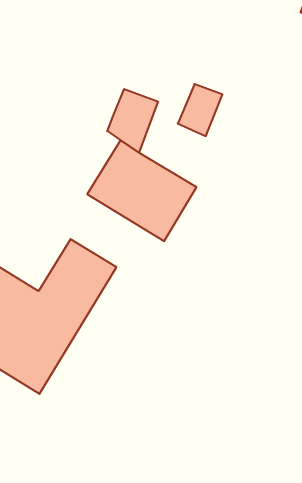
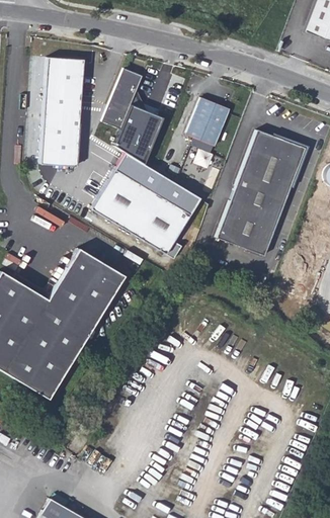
building: none -> [42,58,84,168]
building: none -> [103,69,145,131]
building: none -> [213,130,302,255]

